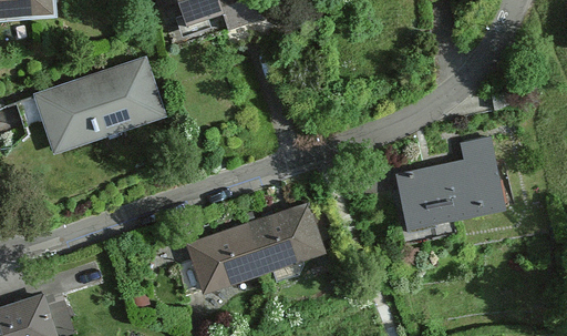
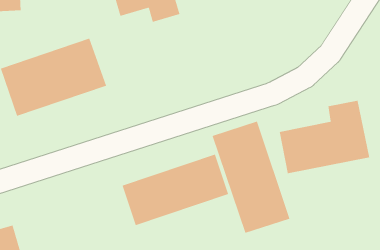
building: none -> [212,121,291,234]

